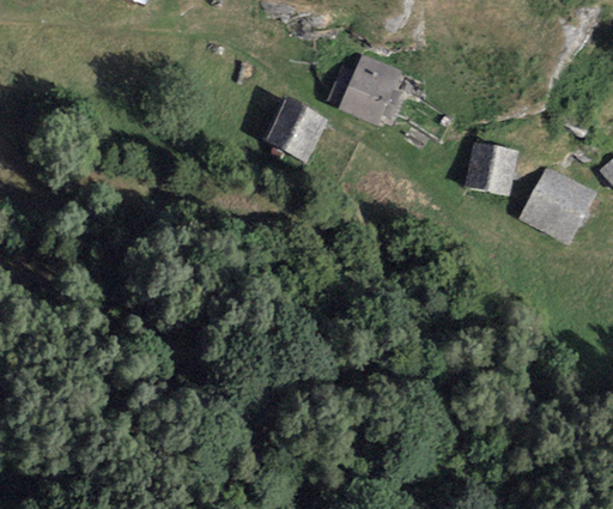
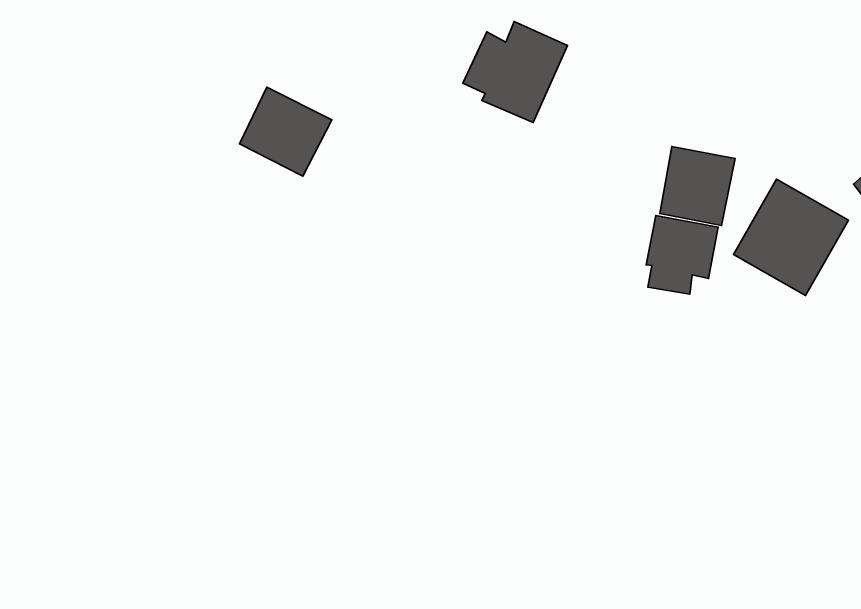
building: [261,98,326,160] -> [239,87,332,176]
building: none -> [646,216,718,294]

